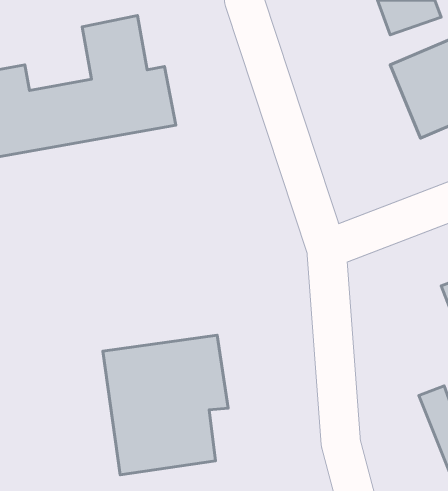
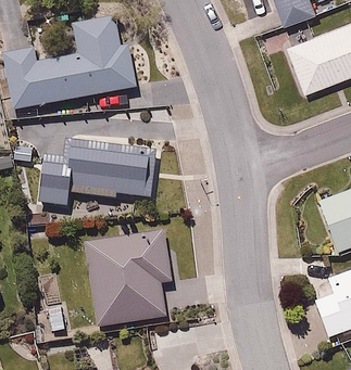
building: none -> [43,133,153,209]

